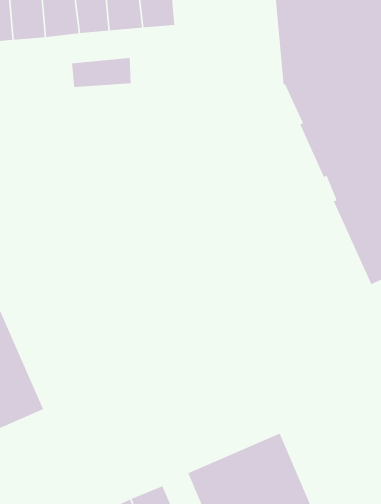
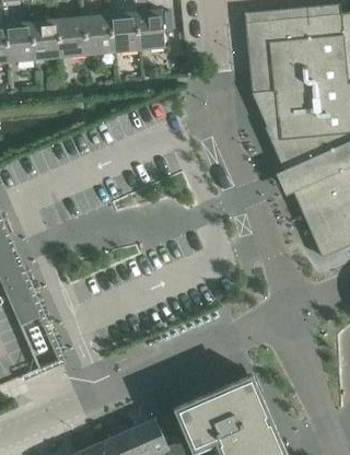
building: [71,57,131,88] -> none

